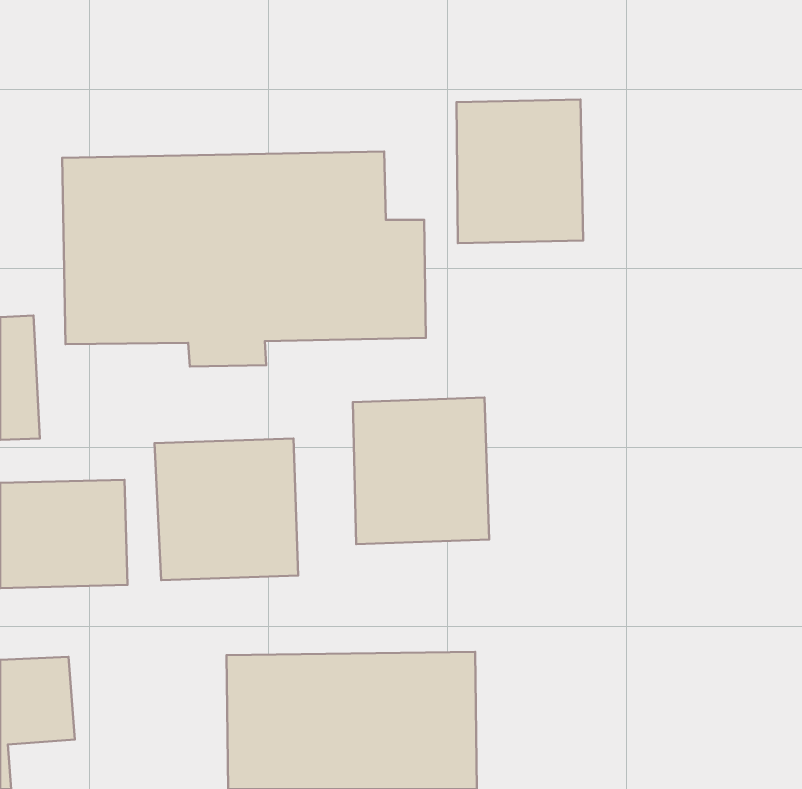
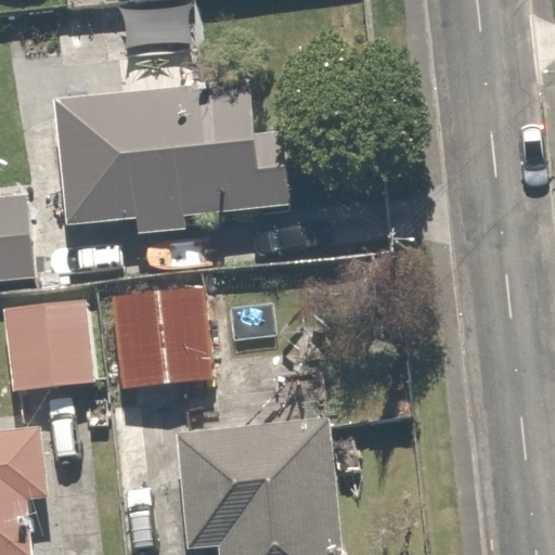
building: [456,100,583,243] -> none
building: [353,398,489,544] -> none

